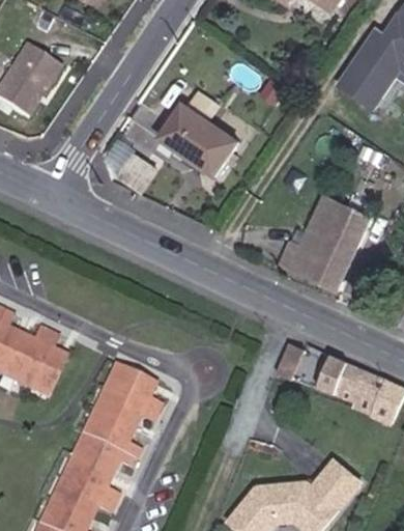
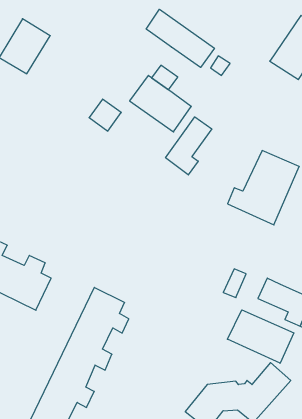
building: none -> [146,9,214,67]
building: none -> [166,117,212,175]
building: none -> [227,310,294,363]

